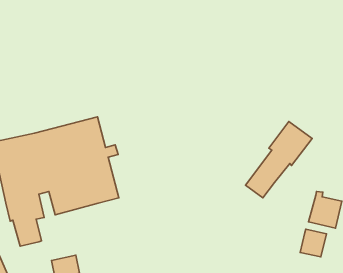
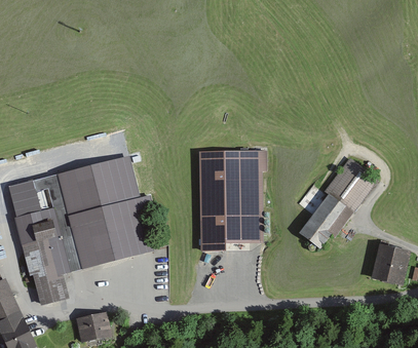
building: none -> [202,155,262,249]
building: [300,229,326,257] -> none

